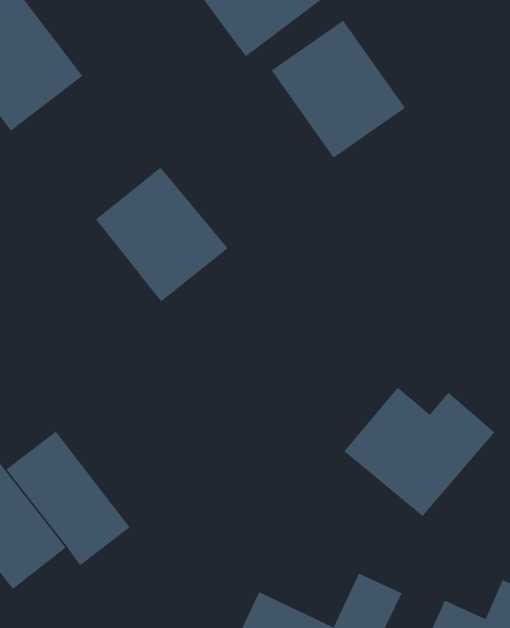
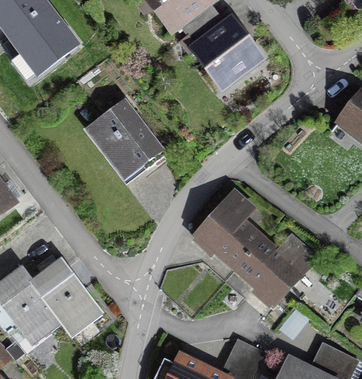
building: none -> [194,189,264,268]

